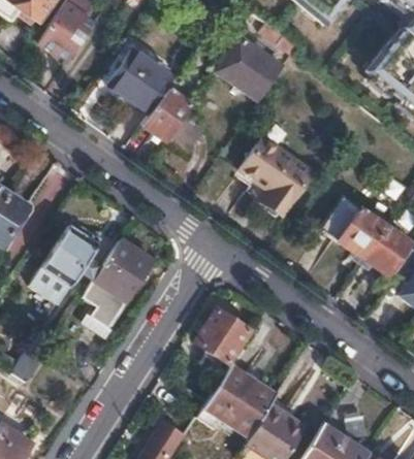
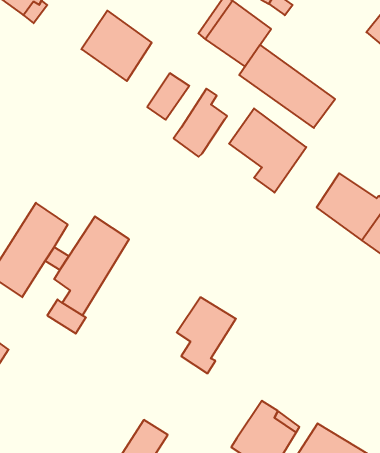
building: [144,78,192,140] -> [174,89,227,157]
building: none -> [239,45,335,128]
building: [205,365,279,437] -> none

